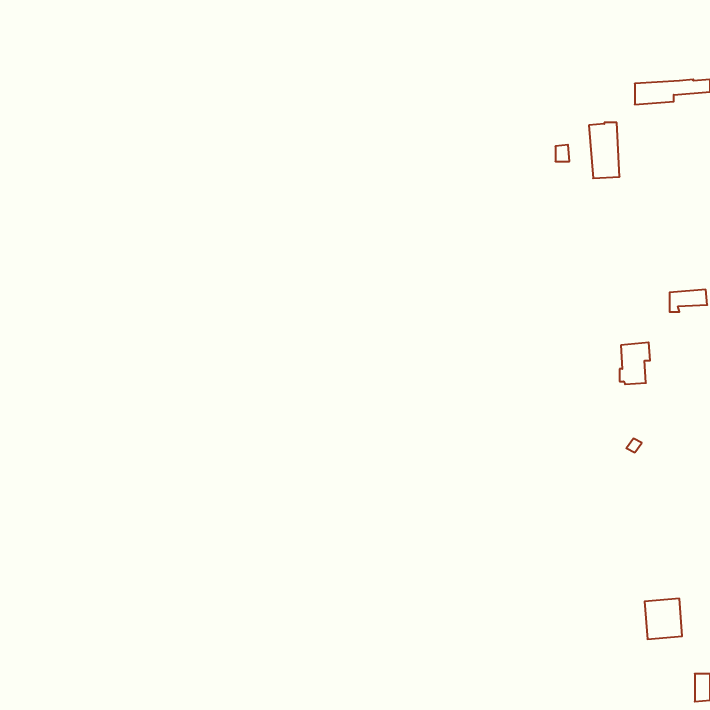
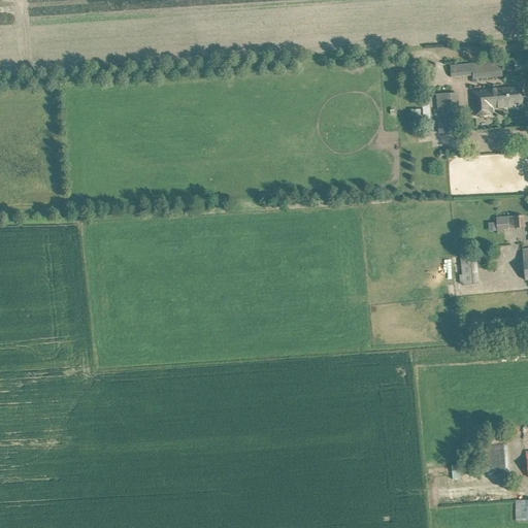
building: none -> [472,86,522,116]

